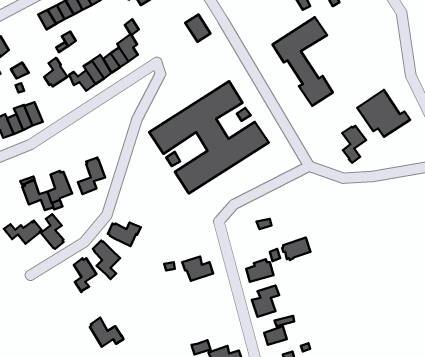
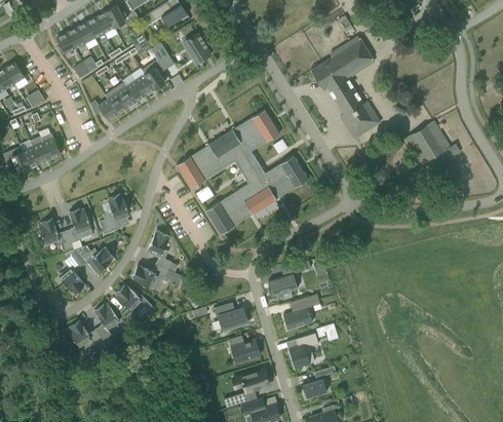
building: [185,15,211,42] -> [184,33,211,63]
building: [44,58,67,87] -> none
building: [342,126,366,163] -> none
building: none -> [147,230,172,269]
building: [4,220,41,244] -> [73,246,114,272]
building: [282,238,310,260] -> [268,272,299,297]
building: none -> [229,335,261,357]
building: [90,318,124,347] -> [69,319,106,351]
building: none -> [233,368,270,392]

